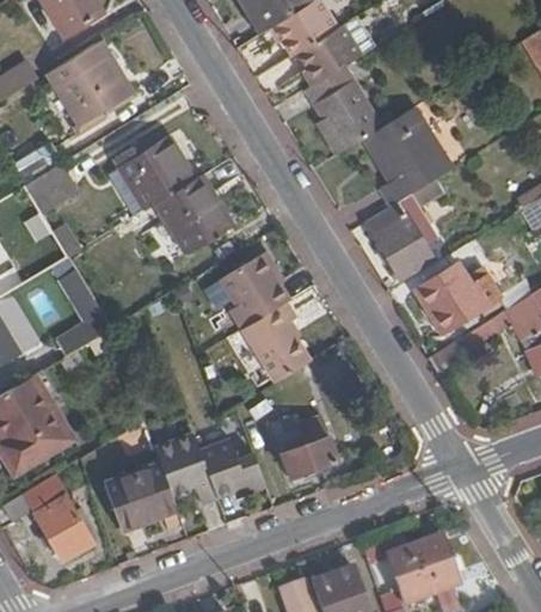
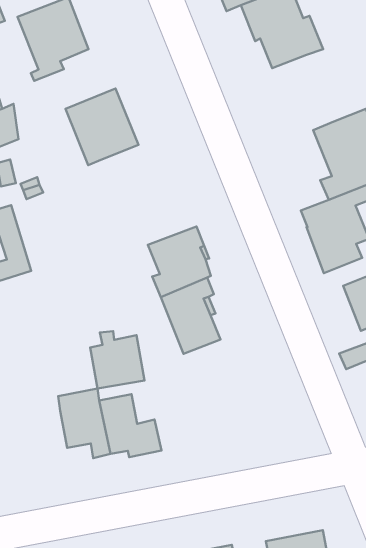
building: [301,65,383,153] -> none
building: [159,177,232,252] -> none
building: [276,417,336,477] -> [90,331,144,388]
building: [106,461,177,530] -> none

